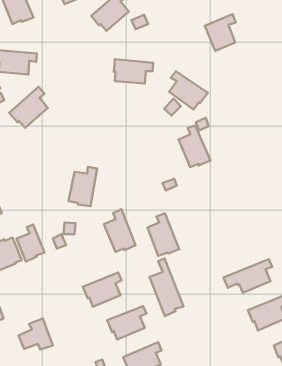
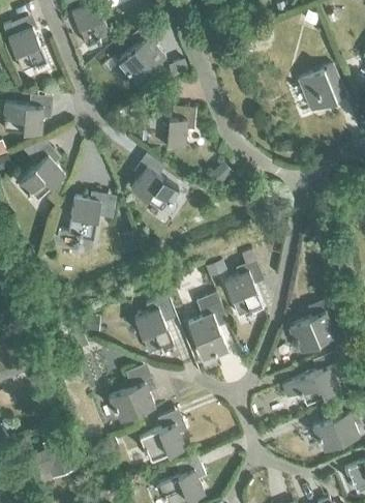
building: [205,14,236,51] -> [299,65,337,111]
building: [169,71,208,110] -> [131,162,179,210]
building: [179,125,210,167] -> [224,264,264,316]
building: [69,167,97,206] -> [67,191,102,240]
building: none -> [290,307,337,351]
building: [17,225,45,262] -> none
building: [149,259,184,316] -> none

